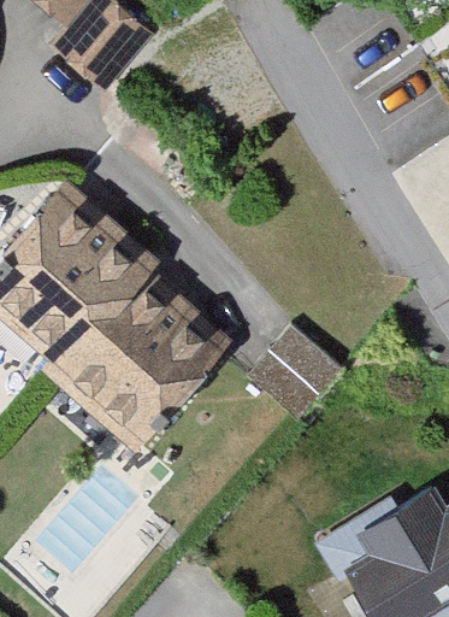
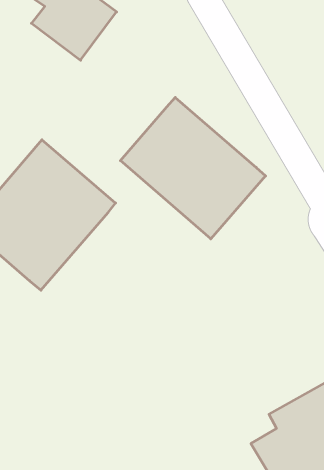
building: none -> [120,97,266,239]
building: [41,276,231,454] -> none

